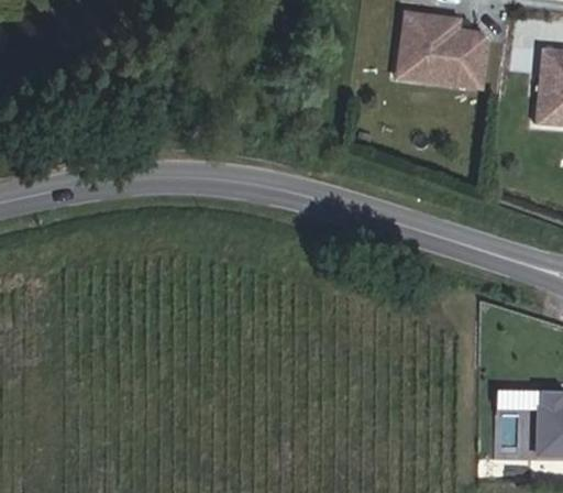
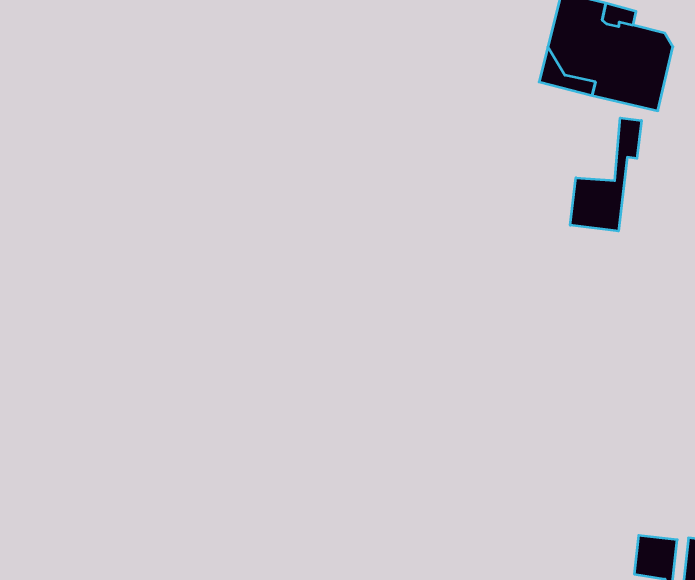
building: none -> [570,118,641,231]

